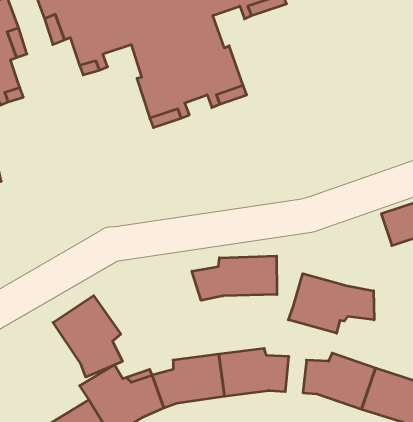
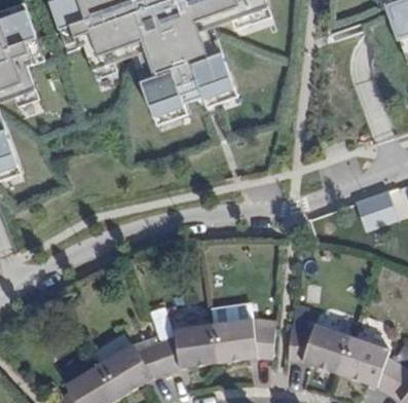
building: [192,256,277,300] -> none
building: [288,274,374,333] -> none
building: [53,296,122,377] -> none

